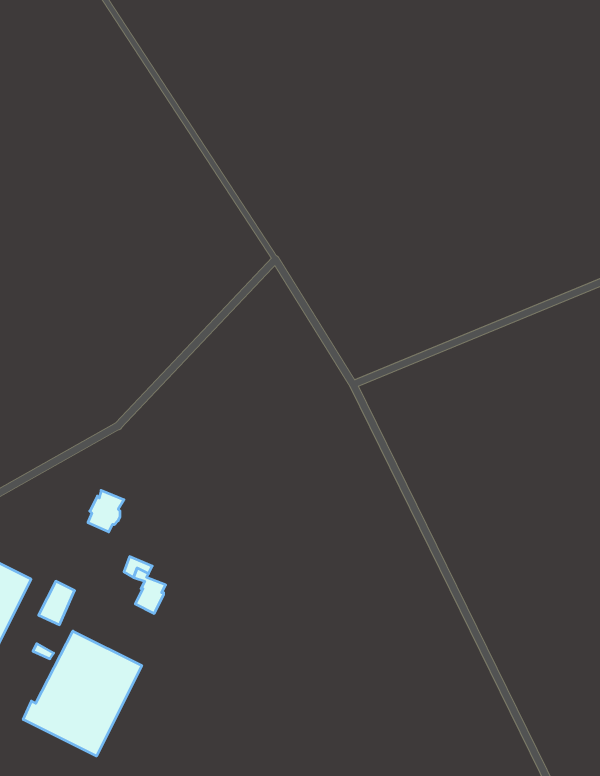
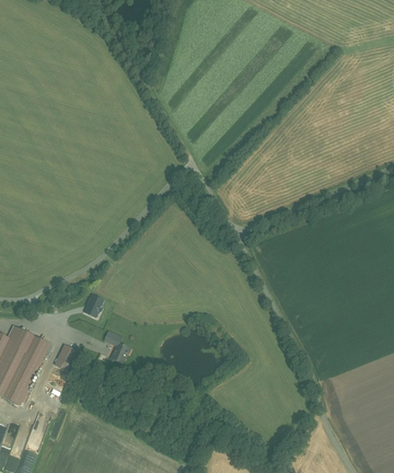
building: [23,631,142,756] -> none

